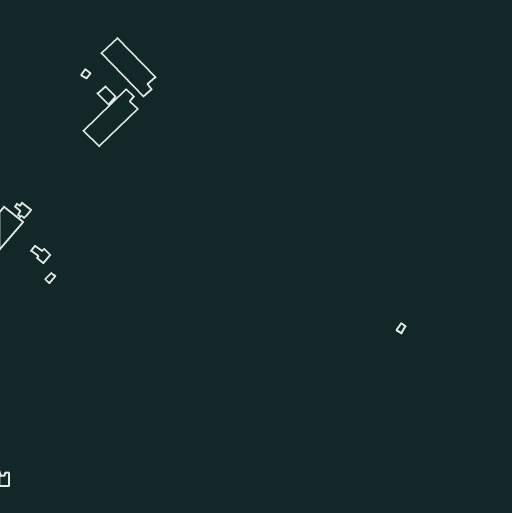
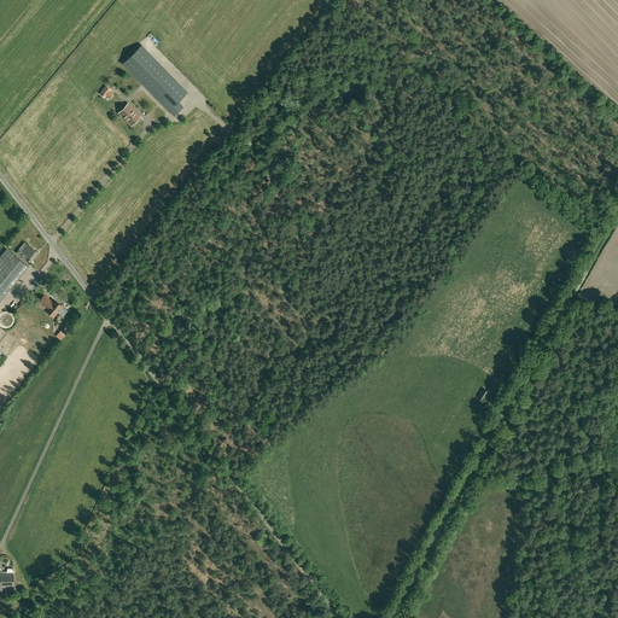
building: [83,89,138,146] -> none

